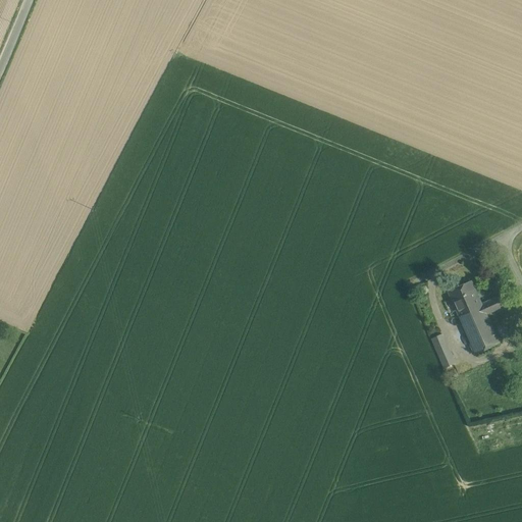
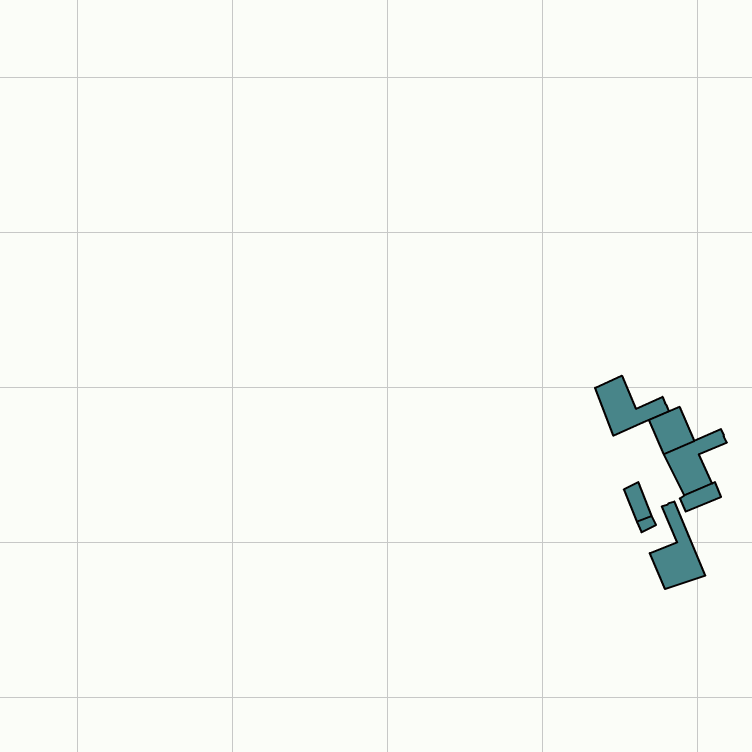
building: none -> [595,376,669,436]
building: none -> [650,501,705,589]

